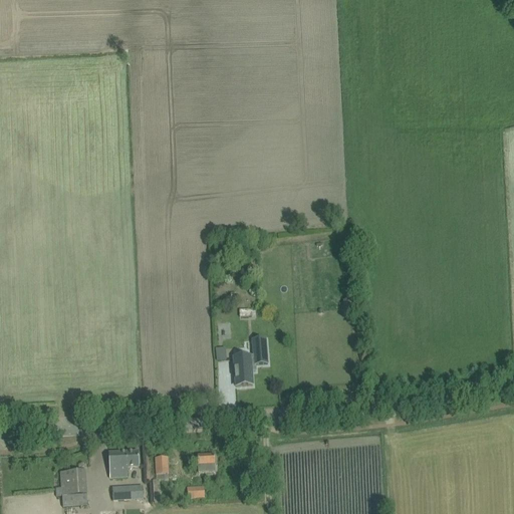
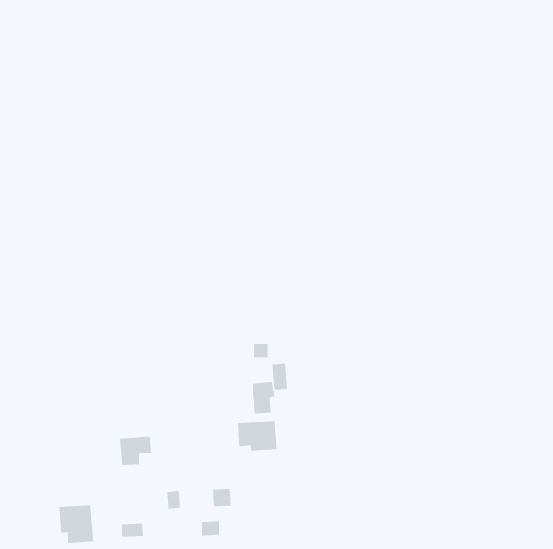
building: none -> [237,420,277,452]
building: [108,450,139,477] -> [119,436,152,465]

